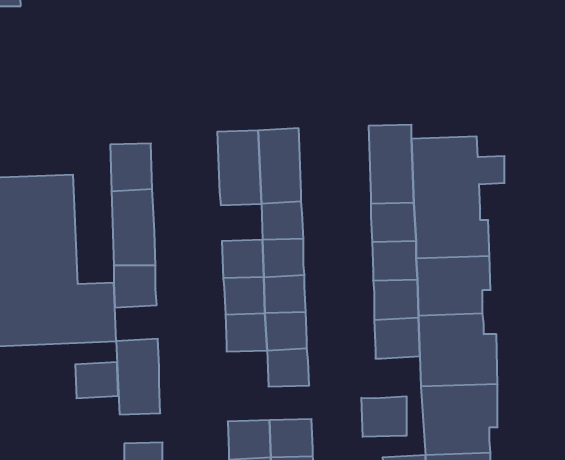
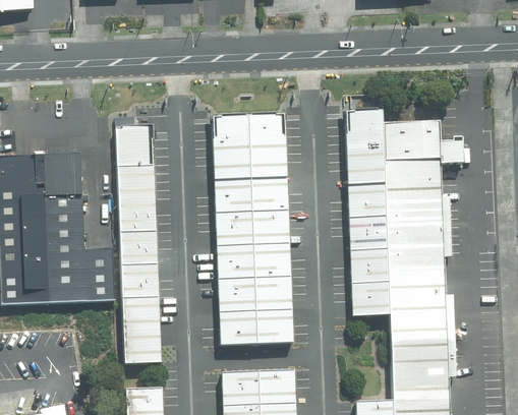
building: none -> [214,182,250,215]
building: none -> [219,310,255,343]
building: [75,362,118,398] -> [121,271,159,302]
building: [361,396,407,437] -> none

